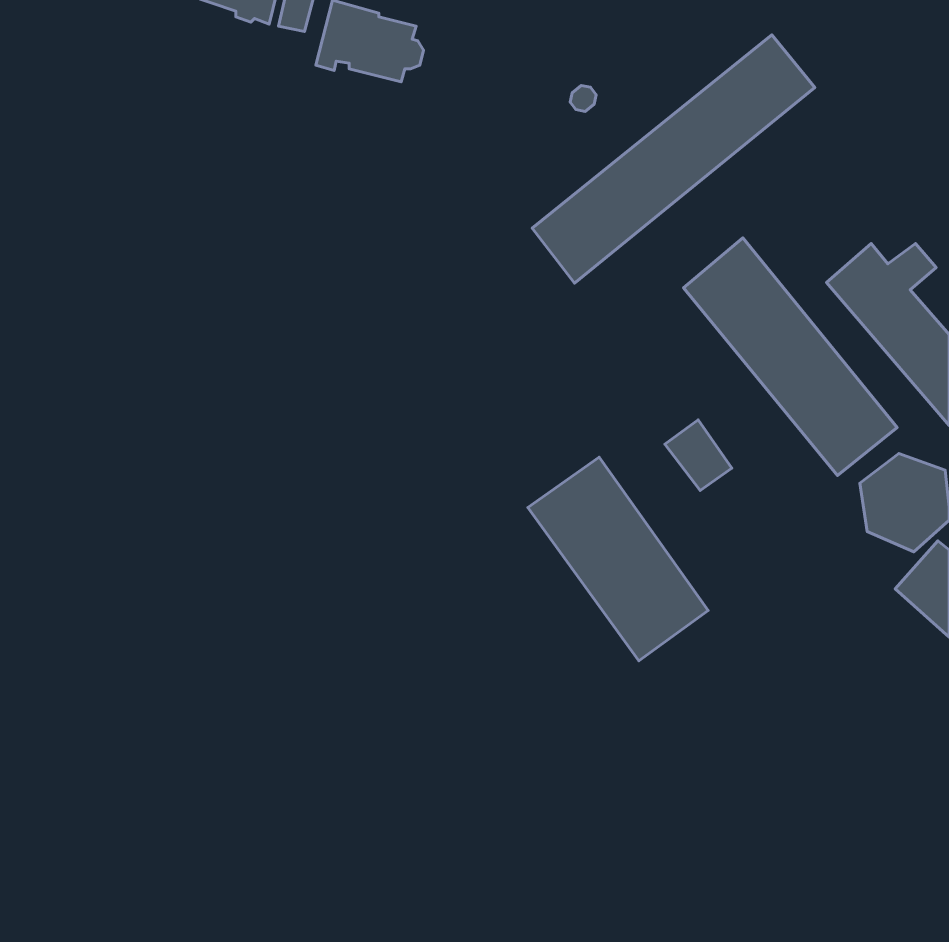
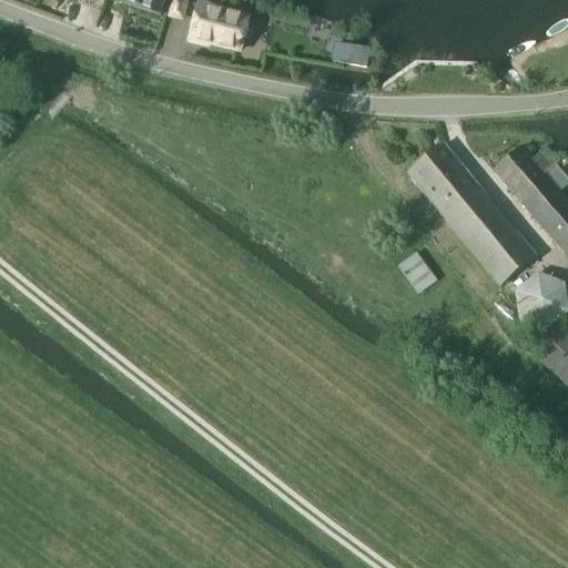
building: [532,35,815,283] -> none
building: [528,457,708,661] -> none

